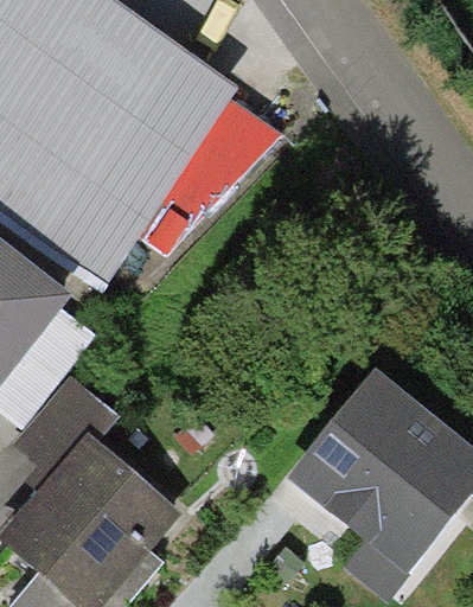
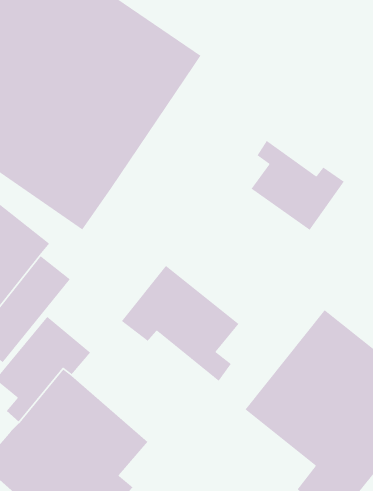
building: [140,98,280,251] -> none
building: none -> [251,140,345,231]
building: none -> [121,265,240,382]

